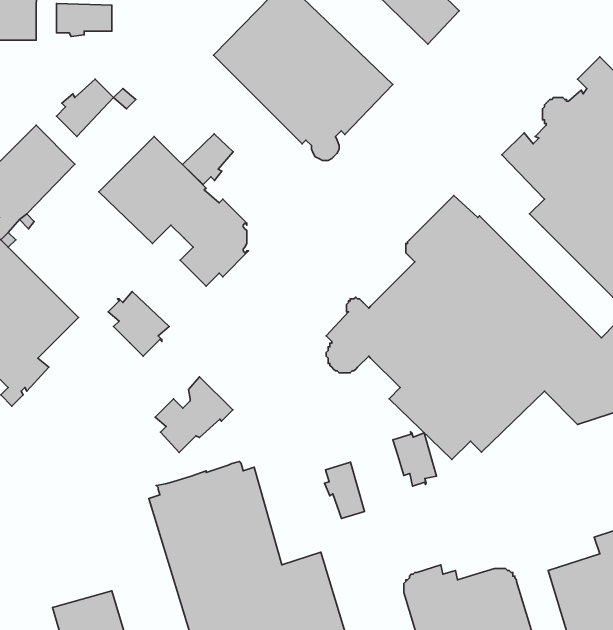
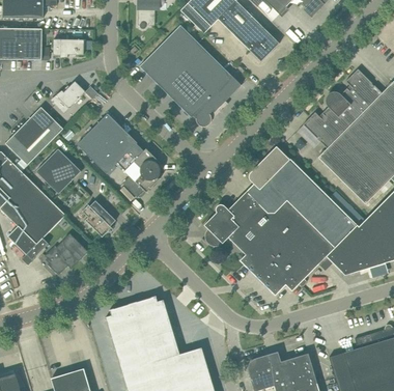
building: [183,134,233,185] -> none
building: none -> [35,148,81,194]
building: [155,377,233,452] -> [45,232,88,275]
building: [393,432,436,486] -> none
building: [325,462,364,518] -> none

